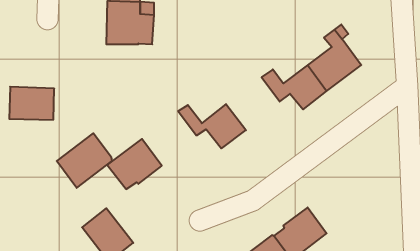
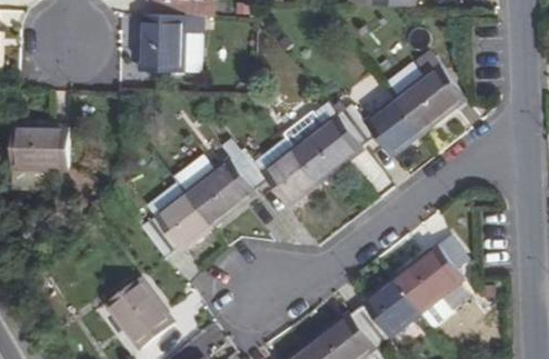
building: none -> [291,112,362,180]
building: [57,133,112,188] -> [183,156,254,226]
building: none -> [396,247,463,328]

